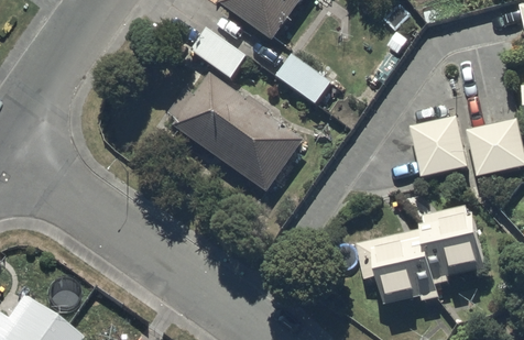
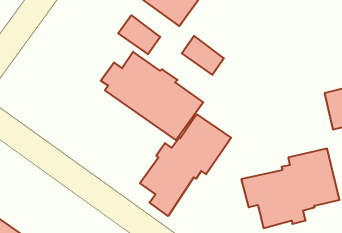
building: [412,116,467,178] -> none
building: none -> [140,114,231,216]

